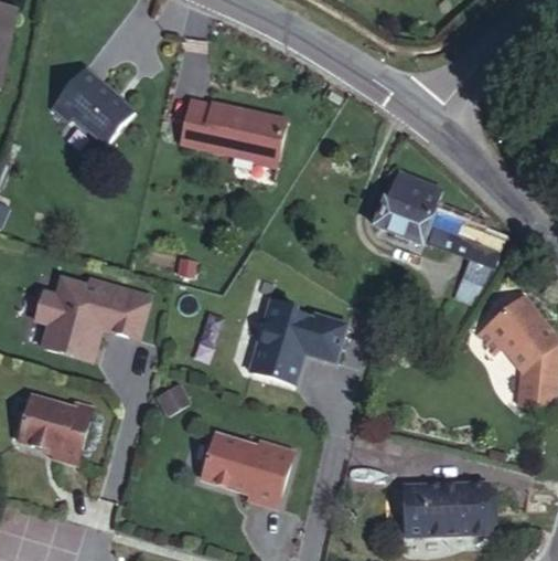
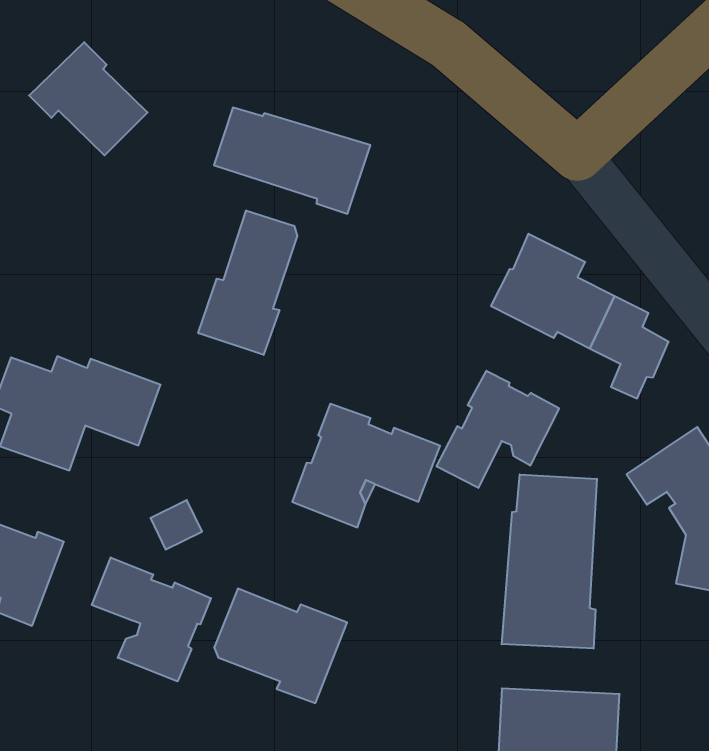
building: none -> [198,210,297,355]
building: none -> [437,371,559,488]
building: none -> [502,474,597,649]
building: none -> [92,557,211,681]

